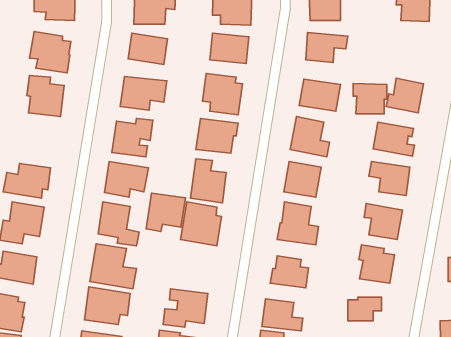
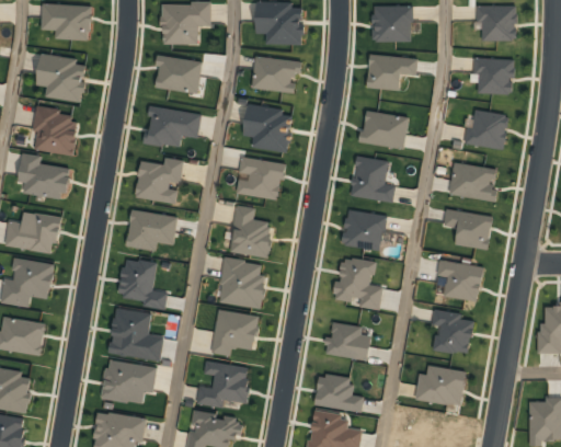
building: [353,83,387,114] -> [473,58,514,94]
building: none -> [19,153,70,200]
building: [146,193,185,232] -> [211,310,259,356]

